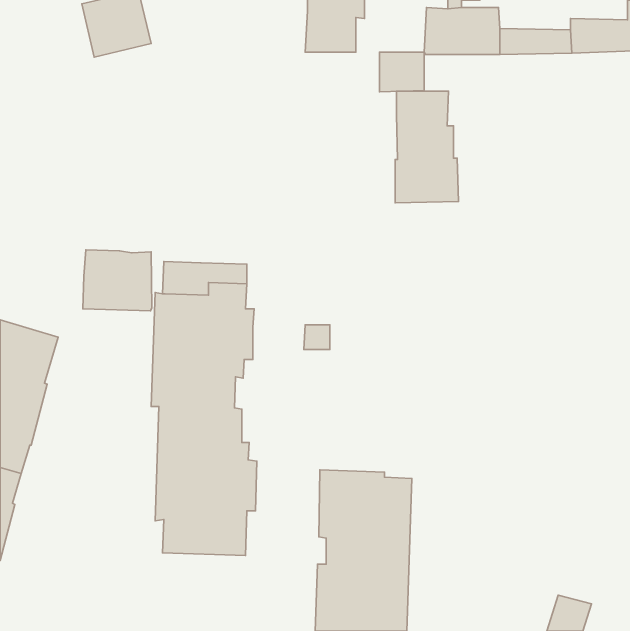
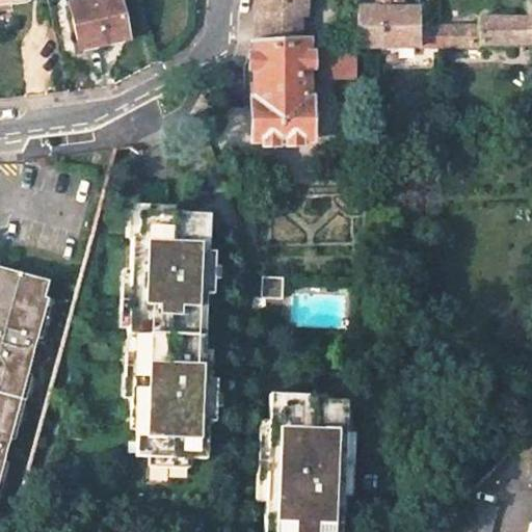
building: [395,91,458,203] -> [258,44,311,137]
building: [83,250,152,311] -> none

